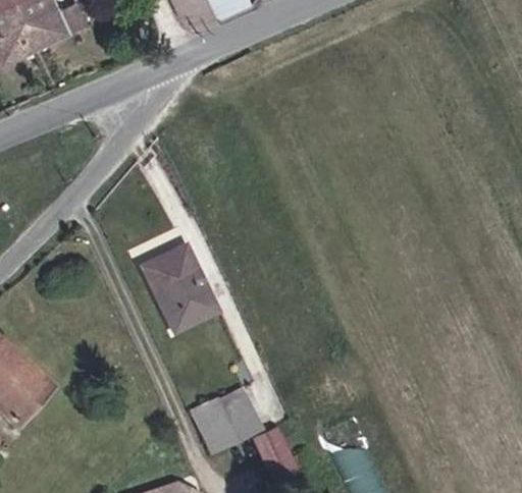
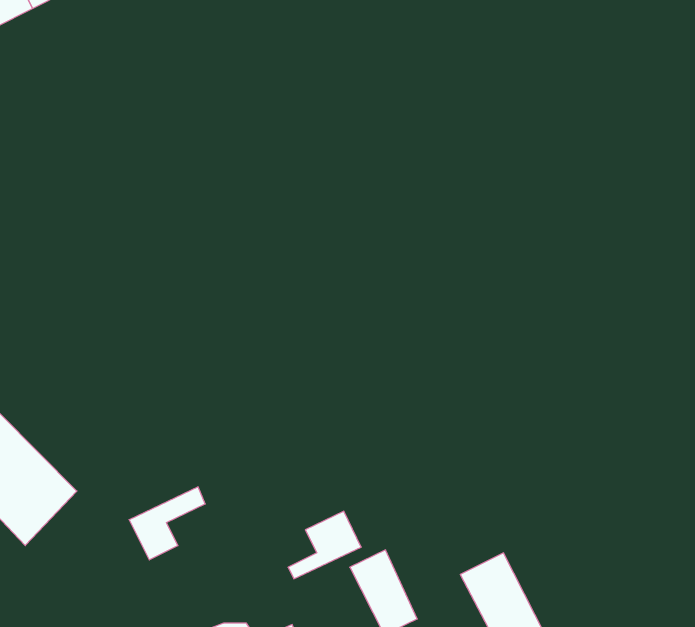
building: [140,245,213,333] -> none
building: [196,390,250,442] -> [129,487,205,560]

